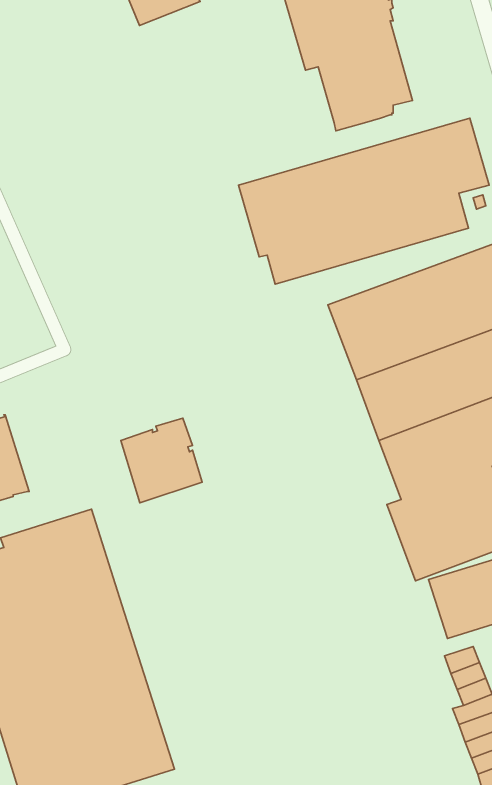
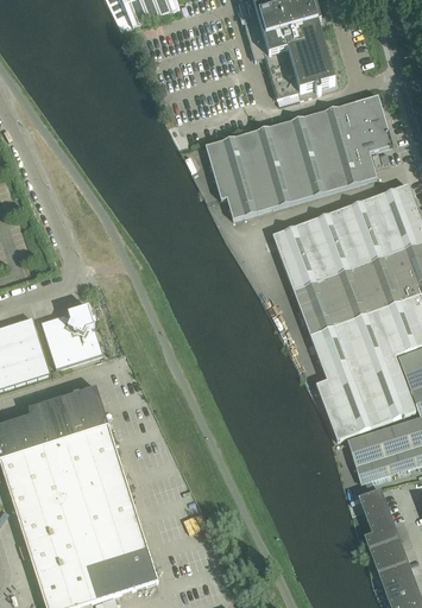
building: [121,418,202,503] -> [42,305,102,368]

